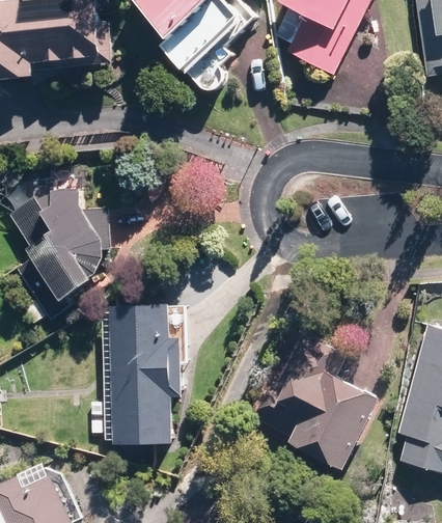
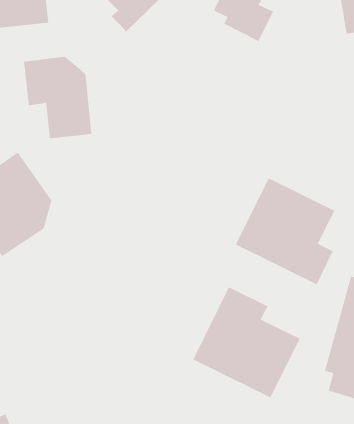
building: none -> [23,56,92,139]
building: none -> [235,177,335,285]
building: [114,308,172,438] -> none

